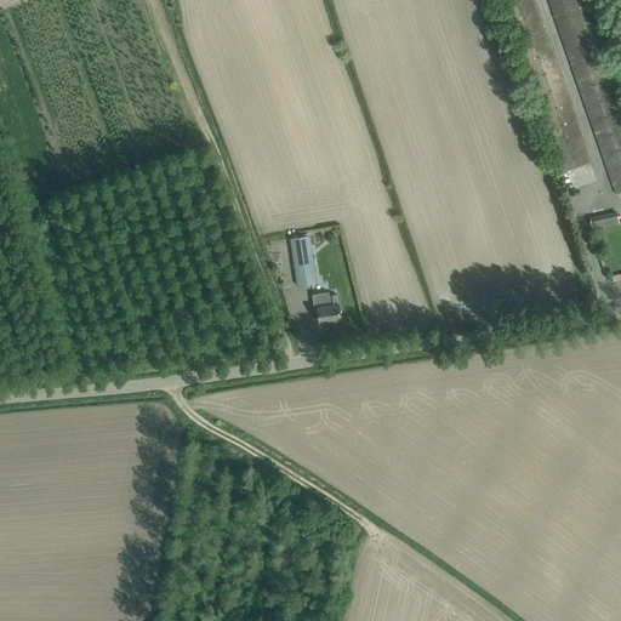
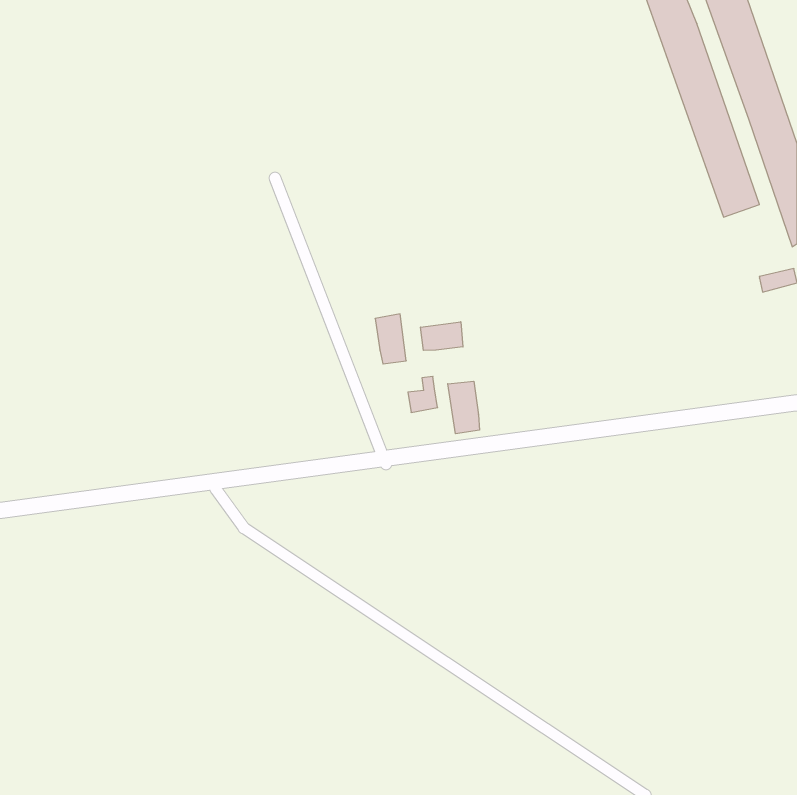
building: none -> [421,322,463,350]
building: none -> [448,381,479,434]

